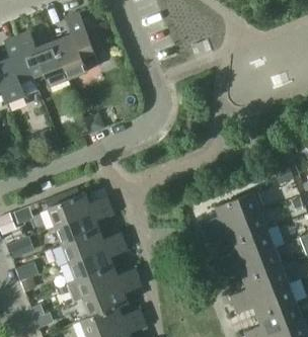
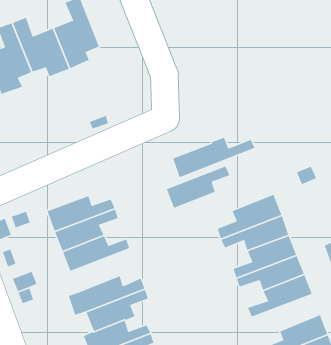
building: none -> [172,137,256,178]
building: [69,241,128,280] -> [166,165,230,209]
building: [234,282,297,316] -> none

